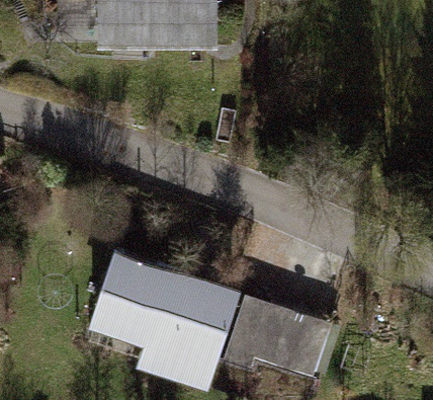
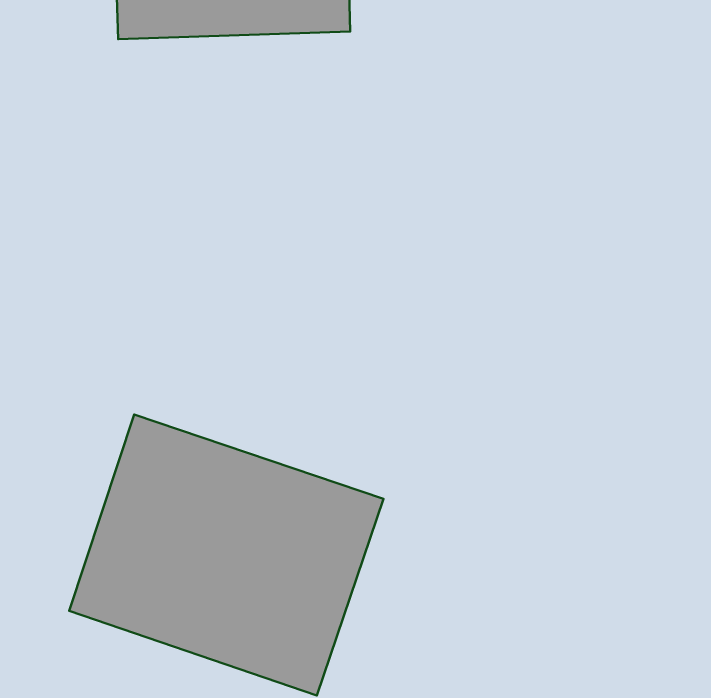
building: [222,294,325,381] -> none

